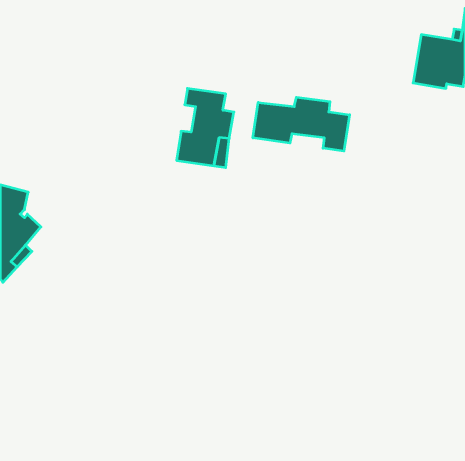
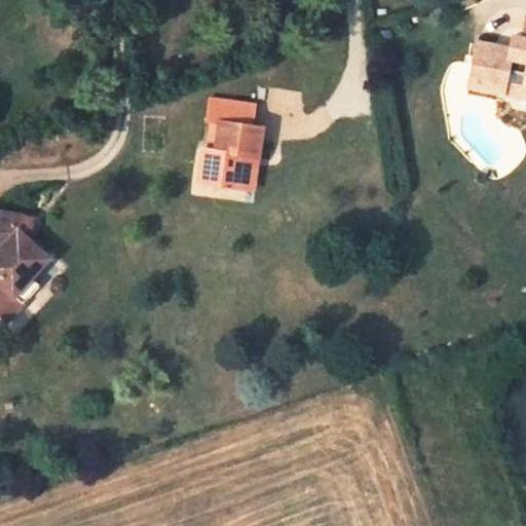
building: [253,97,350,151] -> none

